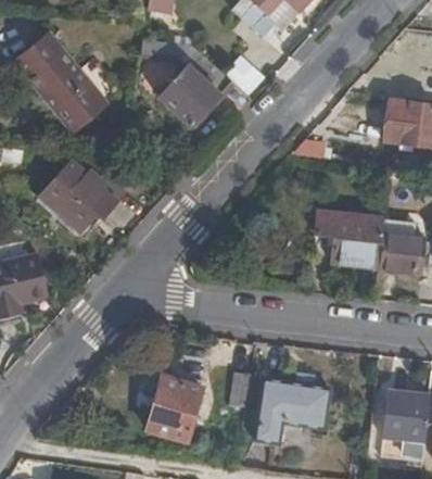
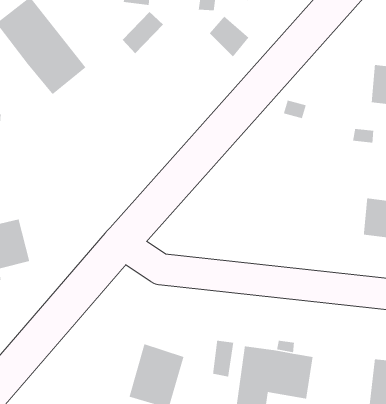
building: [158,66,230,126] -> none
building: [39,161,116,232] -> none
building: [315,211,382,267] -> none

